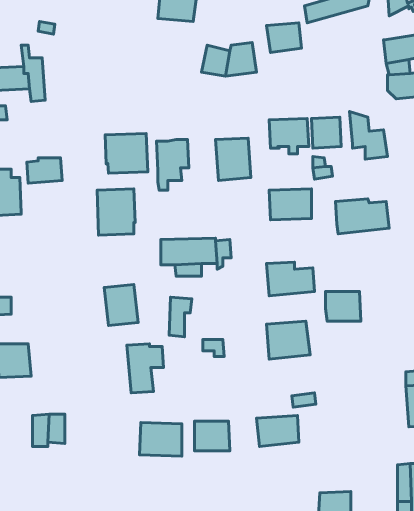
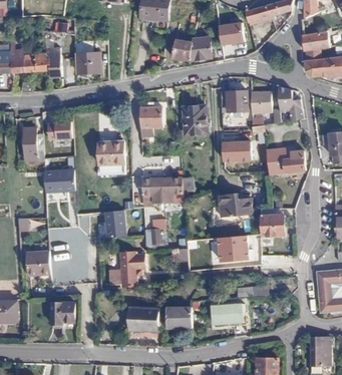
building: none -> [75,46,100,73]
building: [105,133,148,173] -> none
building: none -> [44,168,75,193]

